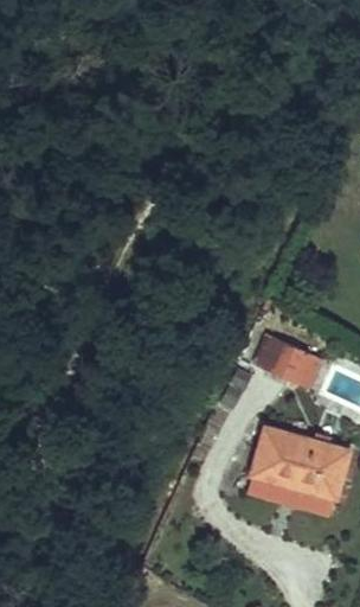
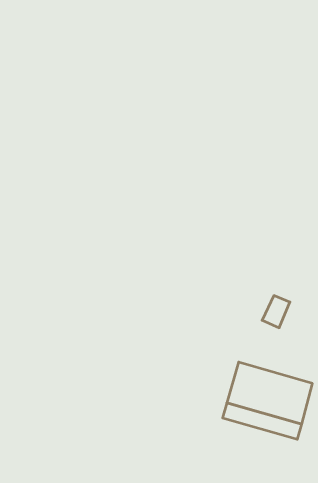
building: [257,339,303,382] -> none

